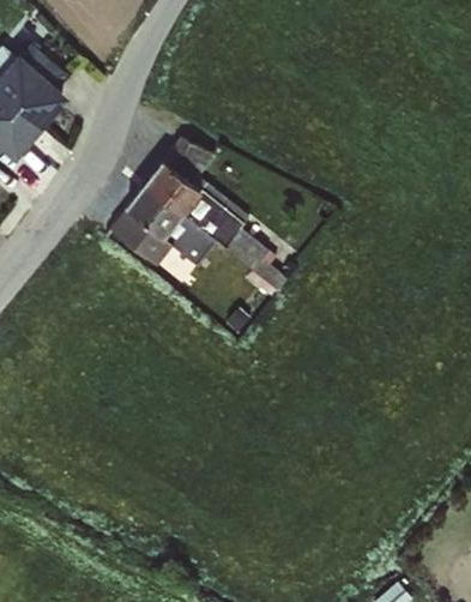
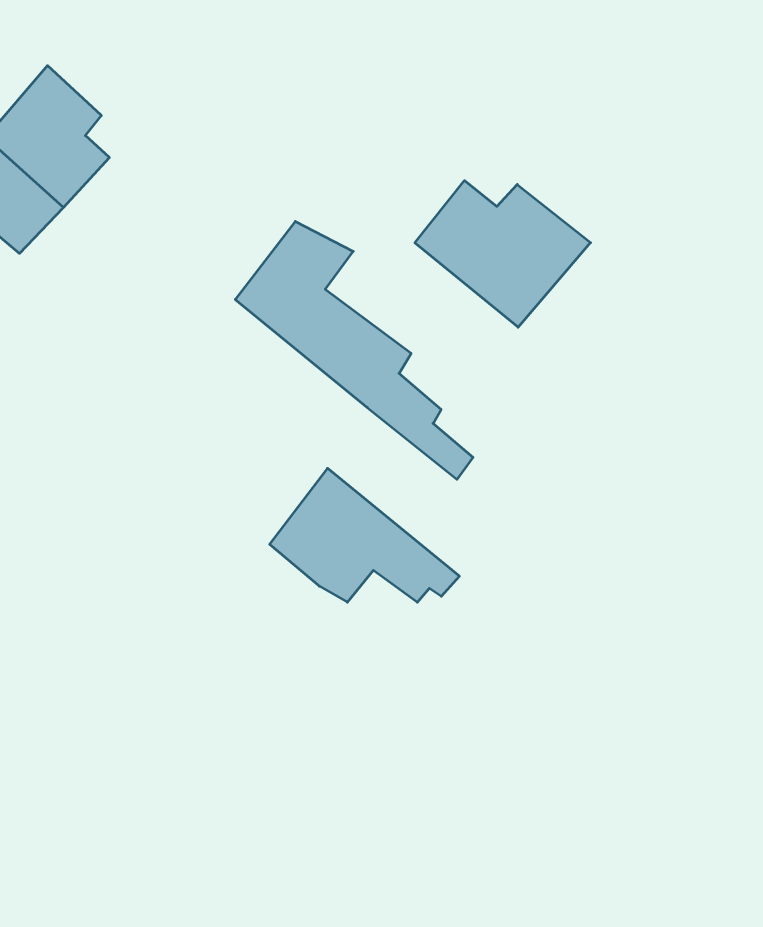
building: none -> [415,181,591,327]
building: [108,186,222,266] -> [270,468,459,602]

